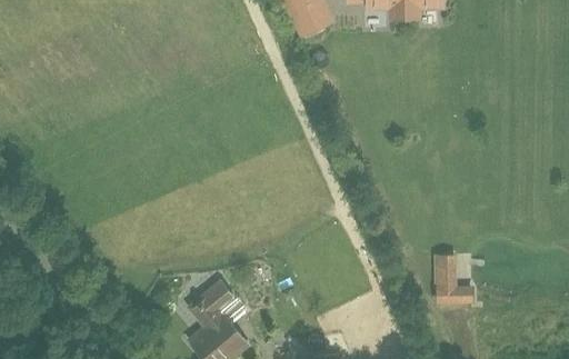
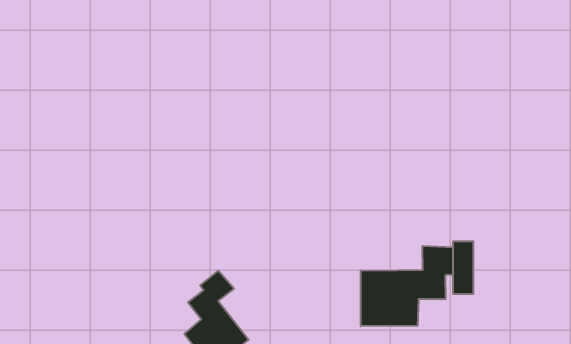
building: none -> [361,246,453,326]

